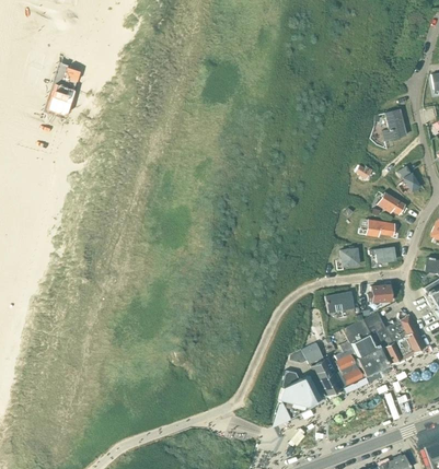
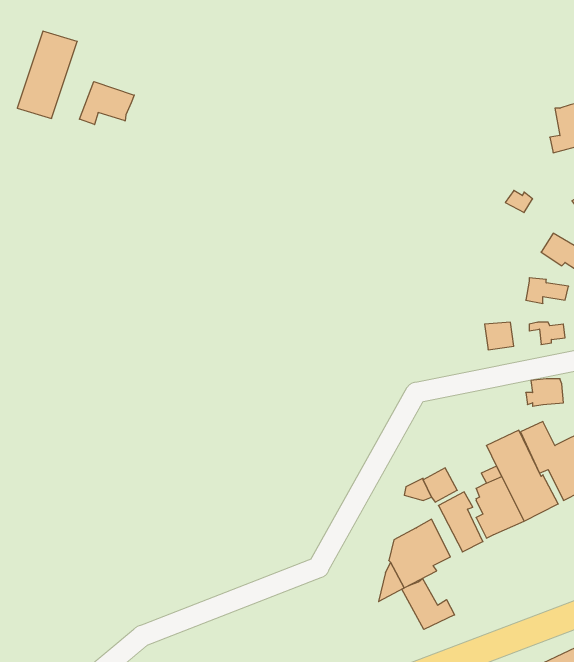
building: none -> [79,82,134,125]
building: [326,292,355,313] -> none
building: none -> [402,578,455,629]

